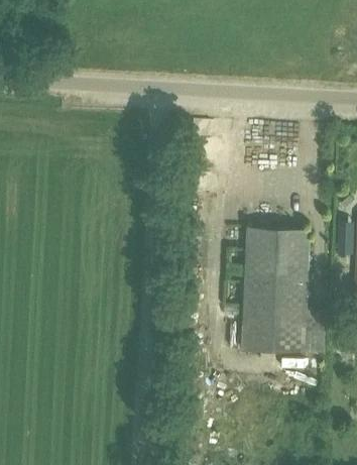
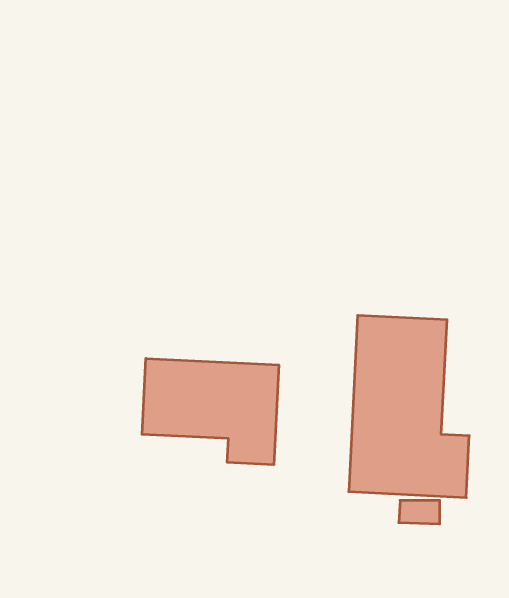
building: none -> [142,358,279,465]

